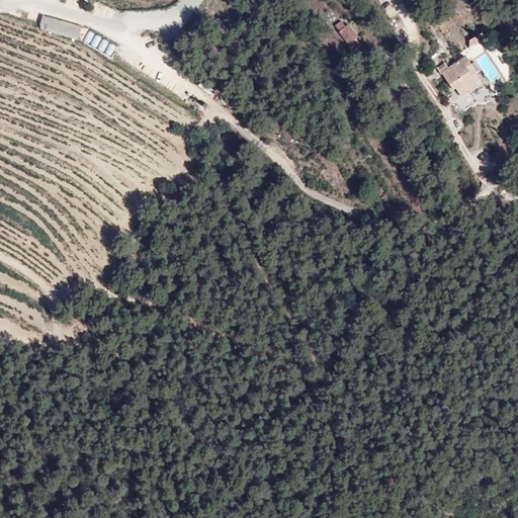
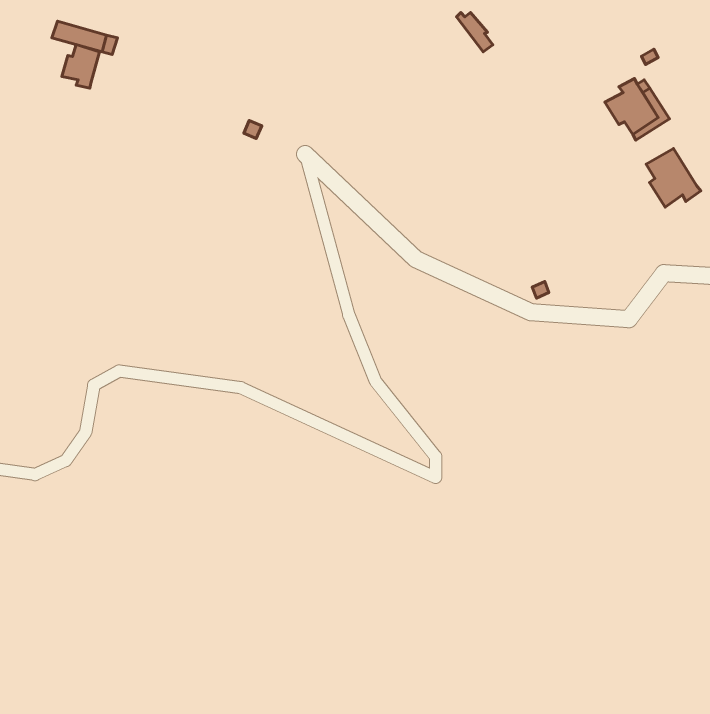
building: none -> [62,45,100,88]
building: none -> [646,148,701,207]

